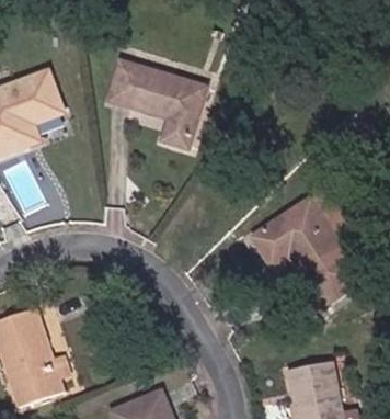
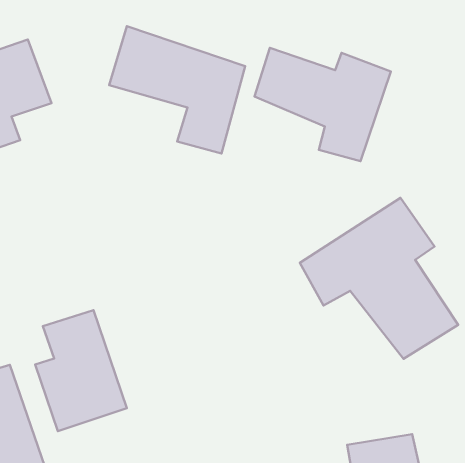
building: none -> [255,48,391,161]
building: none -> [35,310,127,431]

